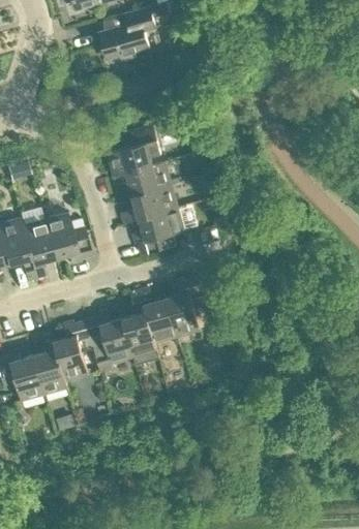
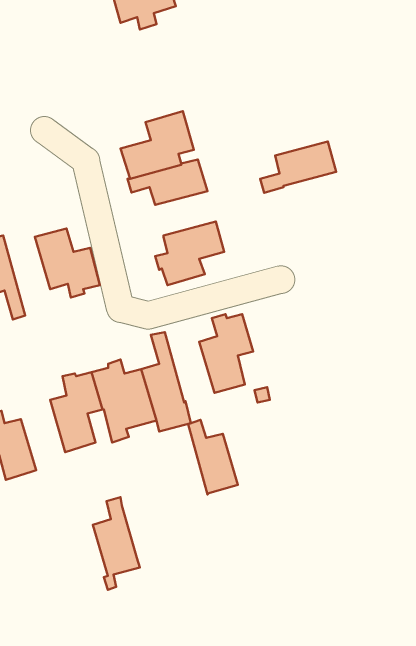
building: [121,186,178,224] -> [260,142,336,193]
building: [21,220,54,279] -> none
building: [140,288,177,344] -> [188,420,238,495]
building: [32,336,67,405] -> [93,497,140,590]

